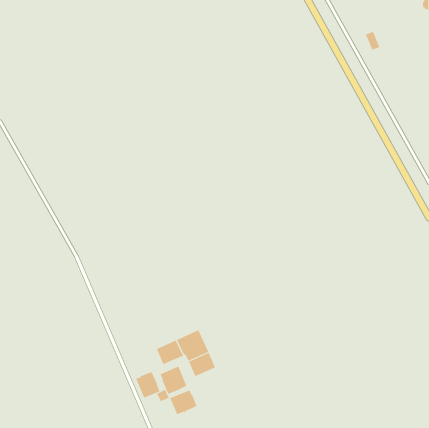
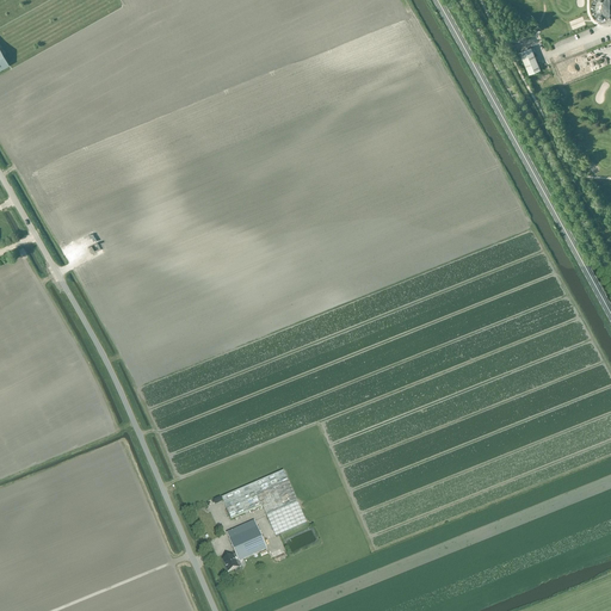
building: [136,371,160,399] -> none
building: [170,390,197,415] -> none

